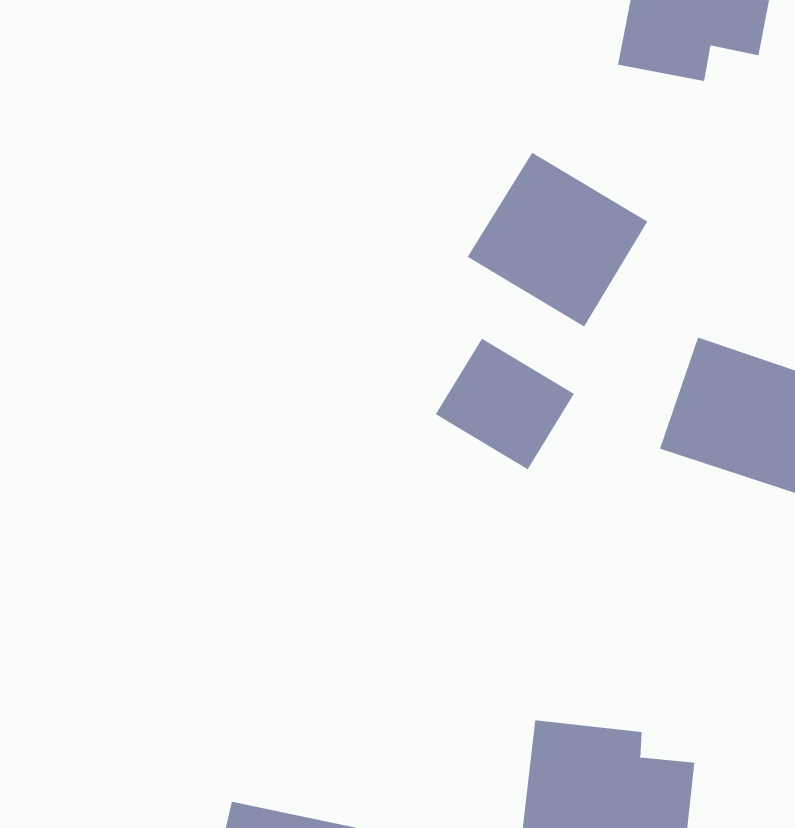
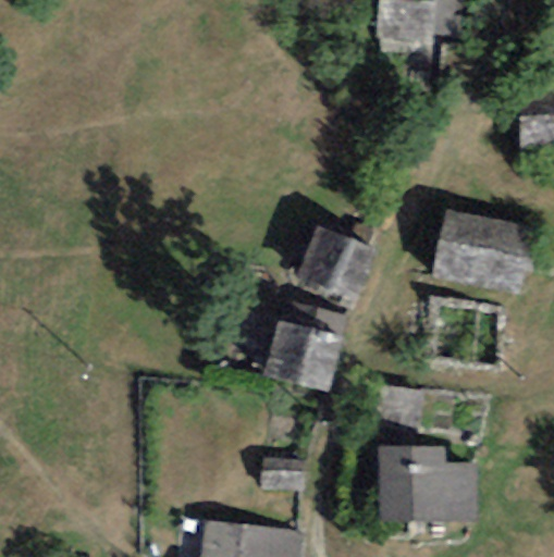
building: [467,152,648,327] -> none
building: none -> [261,300,344,393]

